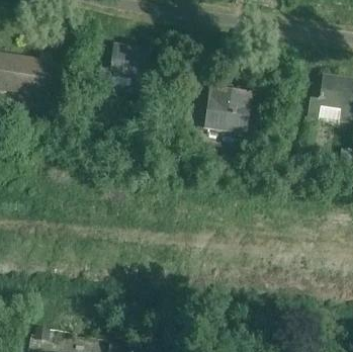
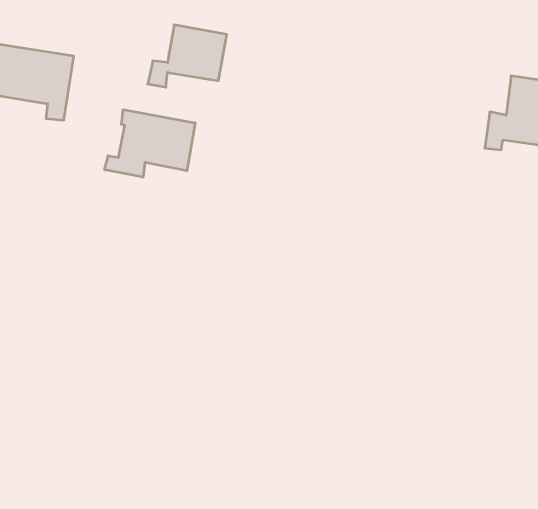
building: [205,87,250,131] -> none
building: none -> [105,110,195,177]

